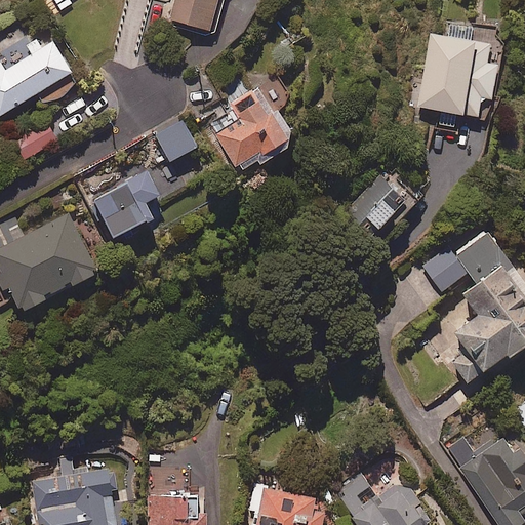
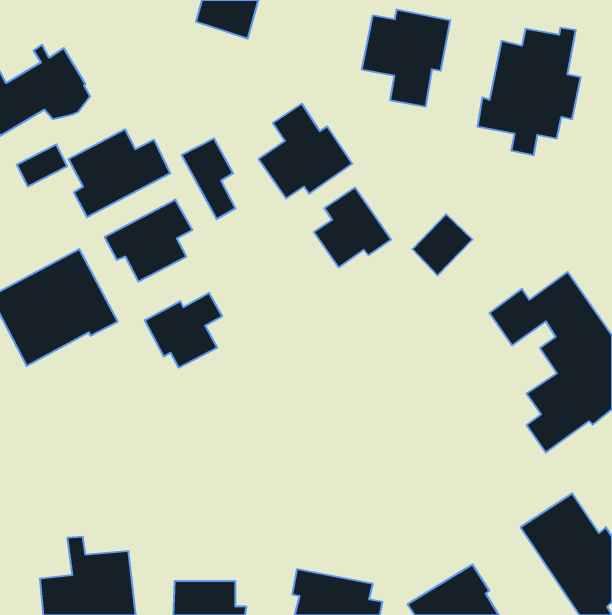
building: none -> [362,9,450,107]
building: none -> [69,129,170,217]
building: none -> [314,188,391,267]
building: none -> [145,293,222,368]

